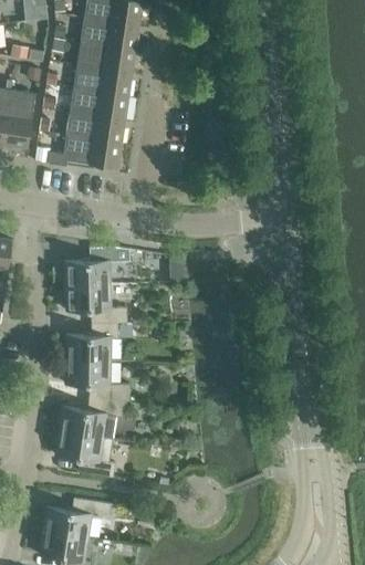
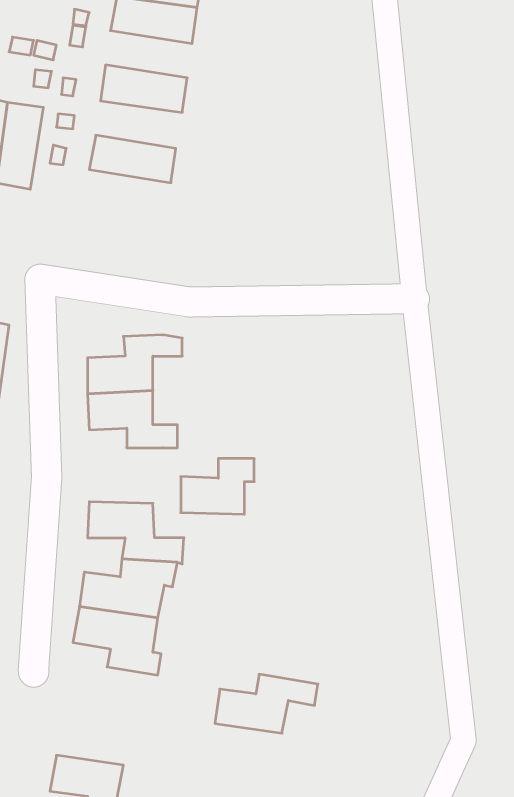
building: [77,42,136,74] -> none
building: [71,90,129,122] -> none
building: [49,136,122,169] -> none
building: [66,324,116,362] -> [181,459,254,514]
building: [44,499,114,538] -> [215,674,318,733]

